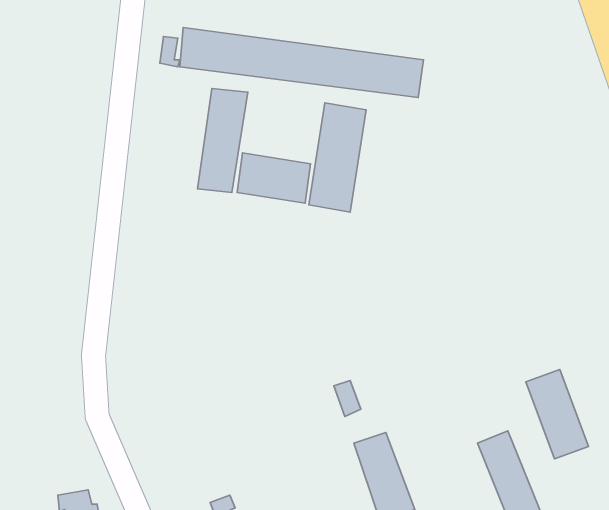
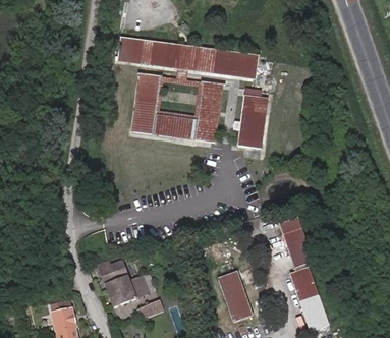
building: none -> [240,96,270,149]
building: [526,369,589,459] -> [277,217,313,268]
building: none -> [100,263,147,306]

